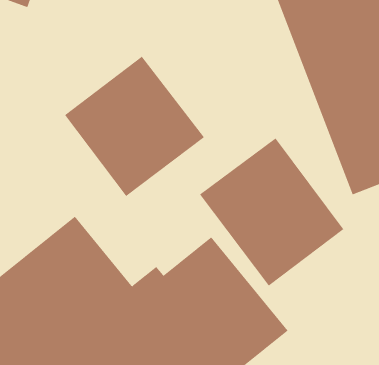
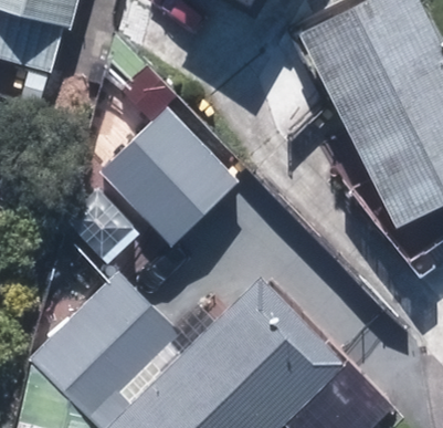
building: [199,138,344,286] -> none

